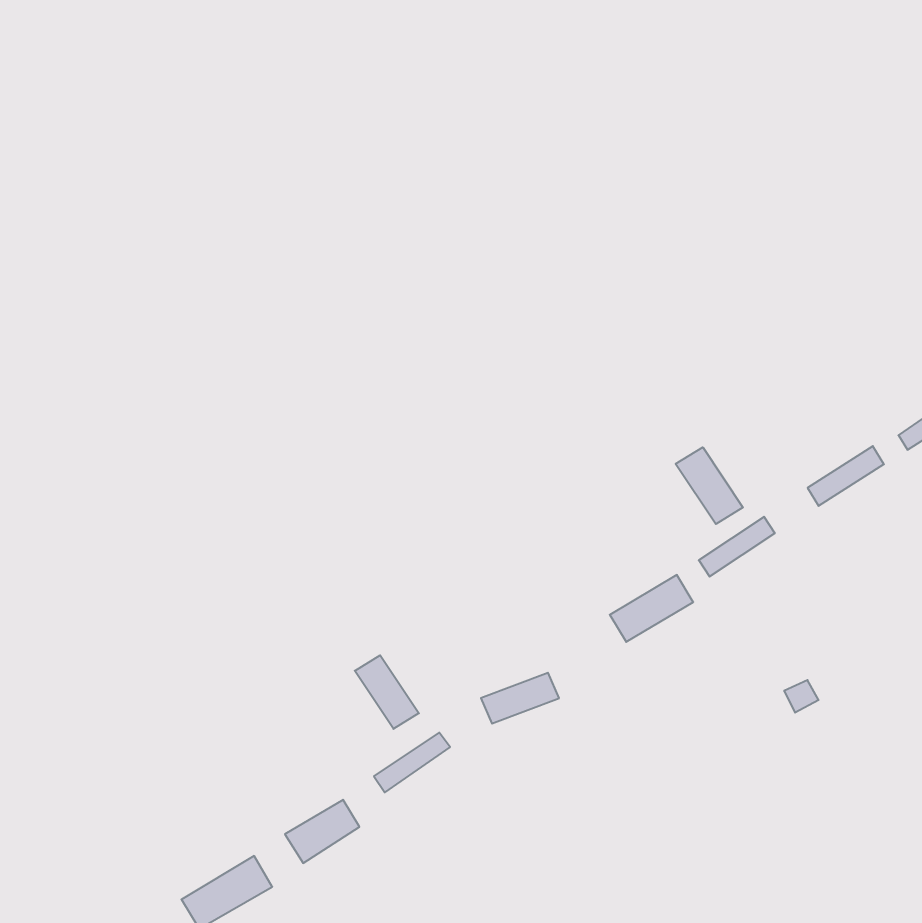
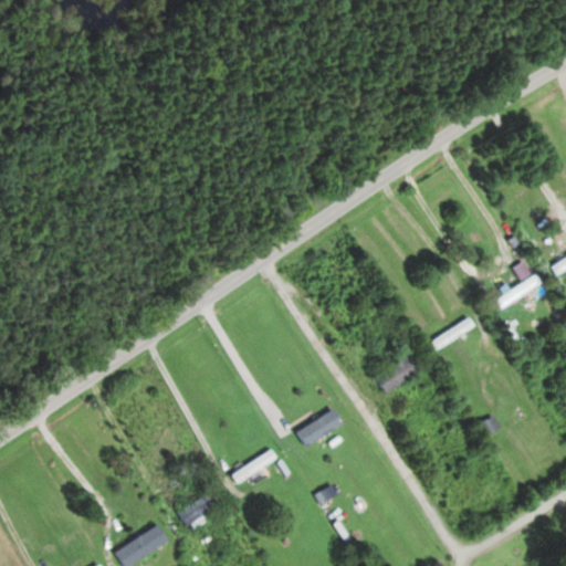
building: [676,447,743,524] -> none
building: [355,655,419,729] -> none

